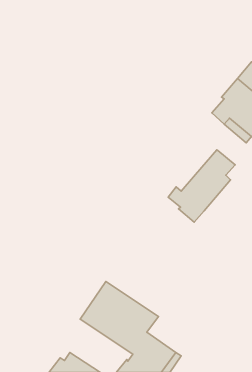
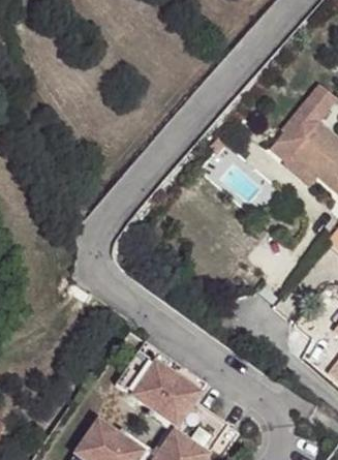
building: [168,150,235,222] -> none

